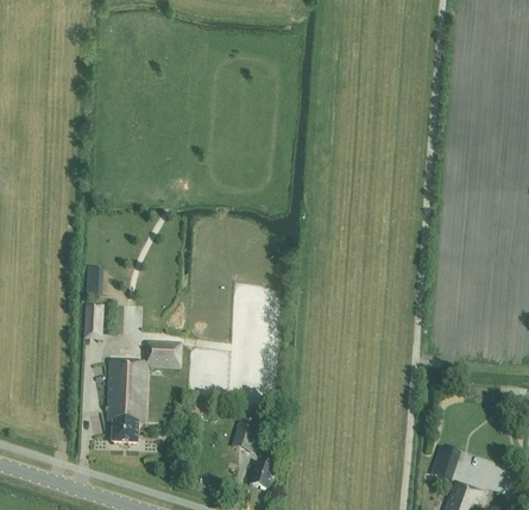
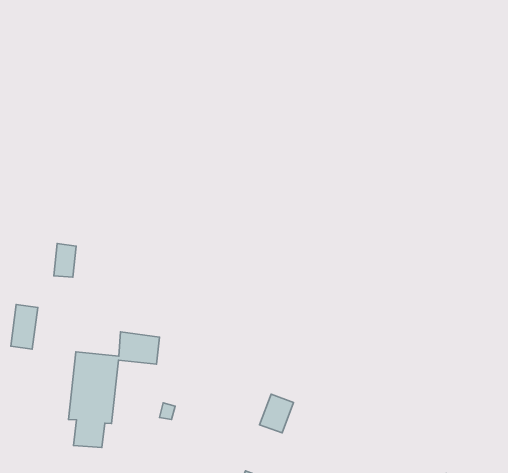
building: [83,301,105,339] -> [11,305,38,349]
building: [232,417,260,451] -> [260,394,294,433]

